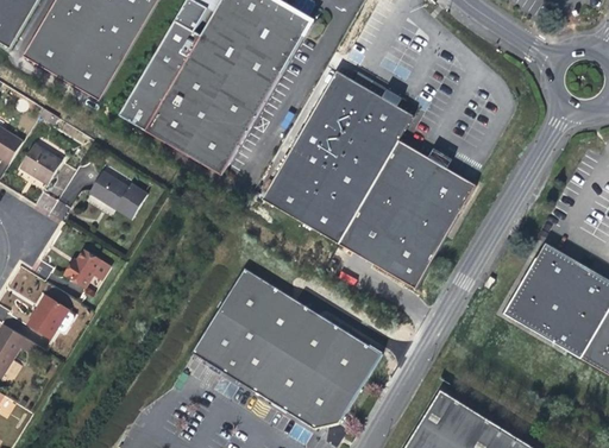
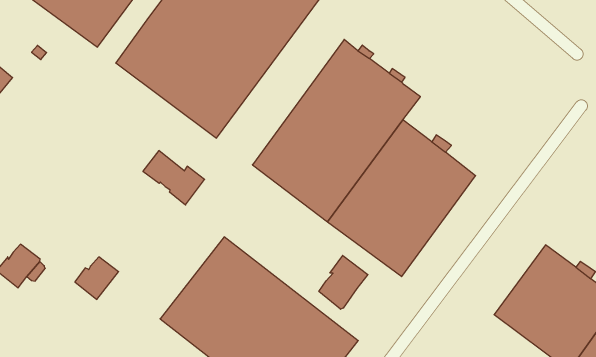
building: [20,144,63,185] -> none
building: [88,169,147,217] -> [143,151,205,205]
building: [64,250,105,290] -> [75,257,119,299]
building: none -> [319,255,368,309]

